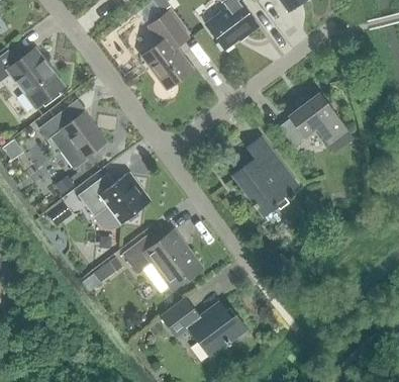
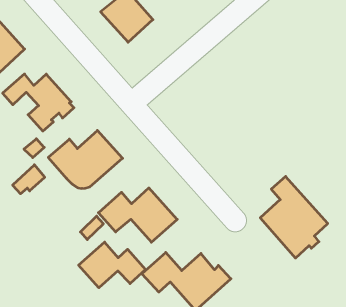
building: [280,92,352,151] -> none
building: [232,135,298,216] -> [260,176,328,258]
building: none -> [79,242,146,288]

